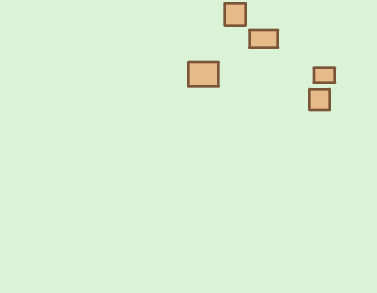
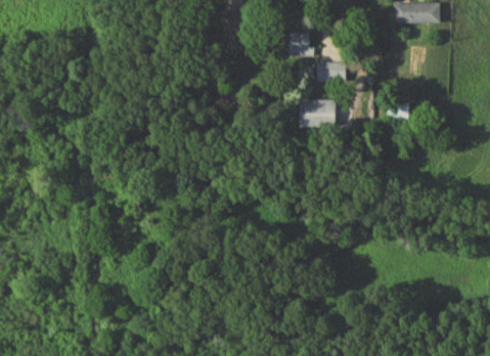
building: [188,62,219,86] -> [302,100,336,127]
building: [310,89,330,110] -> none

